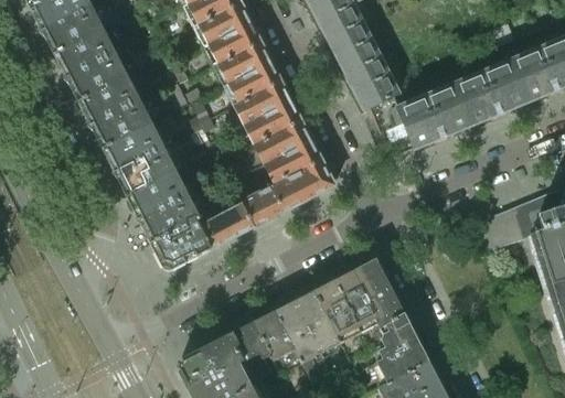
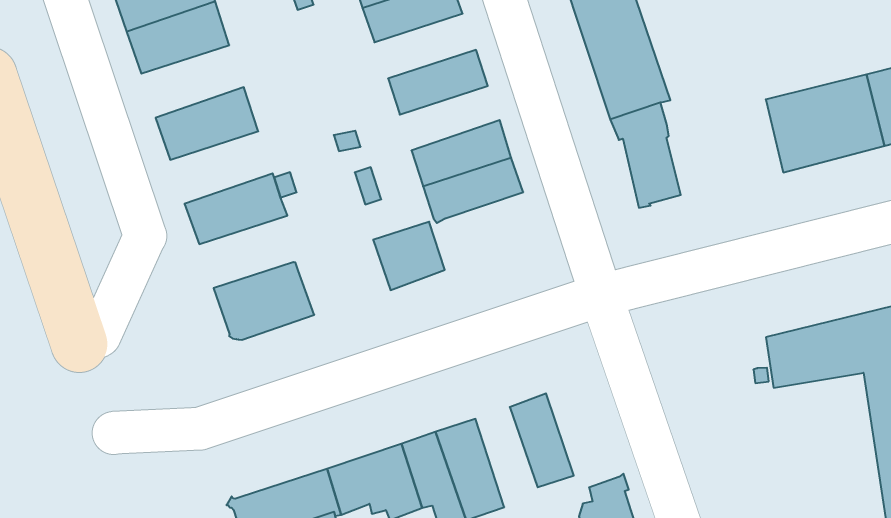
building: [223,61,282,105] -> none
building: [399,84,471,148] -> none
building: [90,99,151,148] -> none
building: [244,100,302,144] -> none
building: [115,147,175,195] -> none
building: [270,159,335,211] -> none
building: [139,193,200,241] -> none
building: [199,195,254,248] -> none
building: [353,262,403,327] -> none
building: [315,284,356,343] -> none

